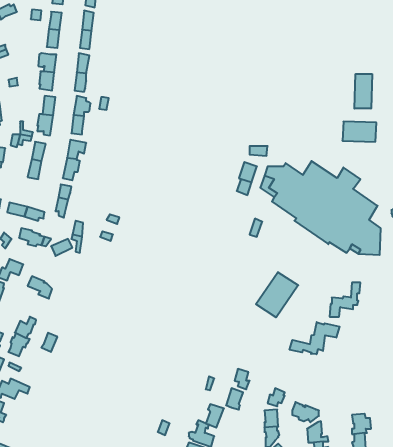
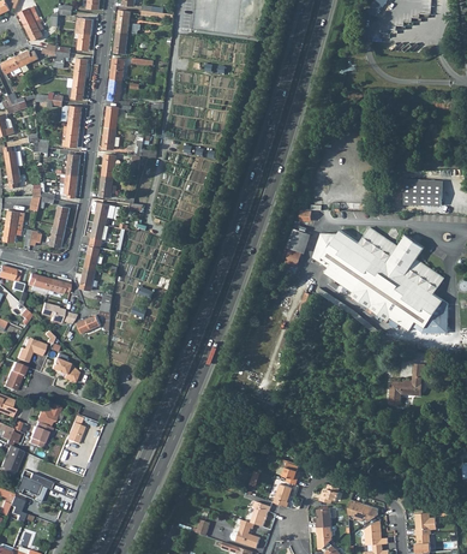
building: [354,74,372,109] -> none
building: [256,272,298,317] -> none
building: [290,322,340,354] -> none

